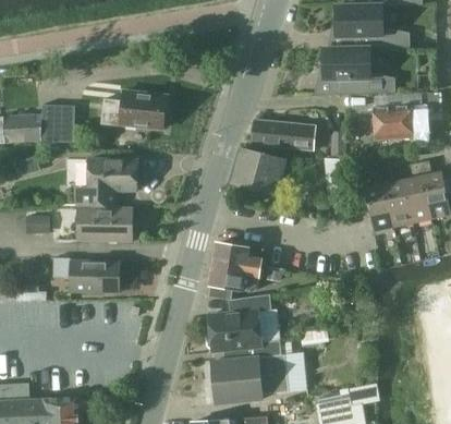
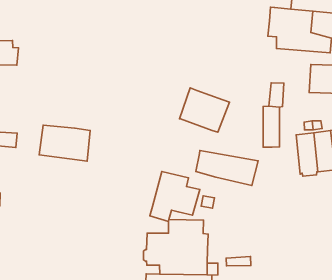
building: [103,89,168,128] -> none
building: [44,102,76,141] -> none
building: [249,120,318,154] -> [196,150,258,186]
building: [75,159,137,205] -> none
building: [53,258,119,291] -> none

